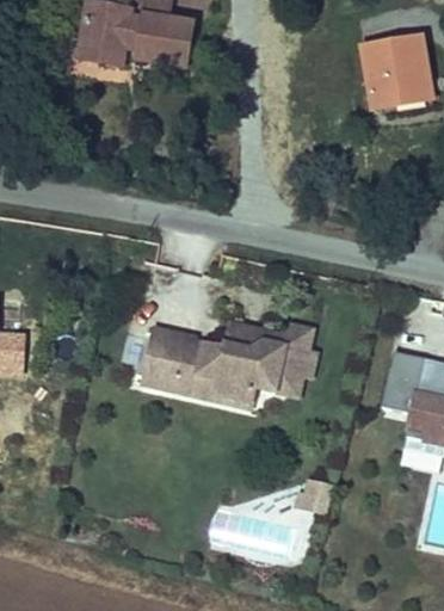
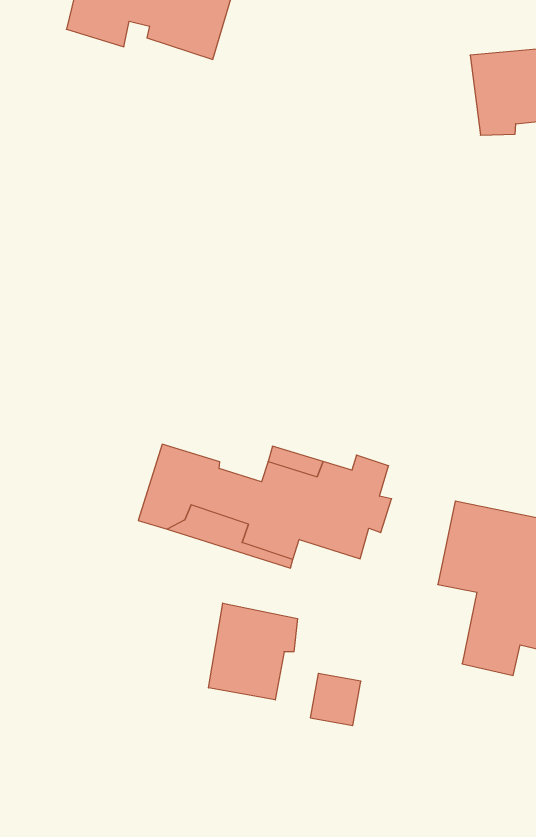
building: none -> [209,603,298,700]

